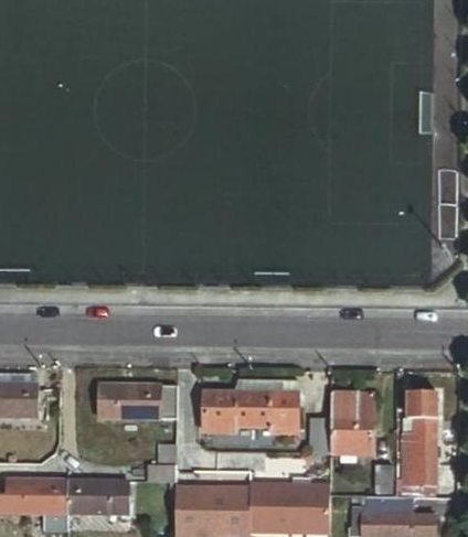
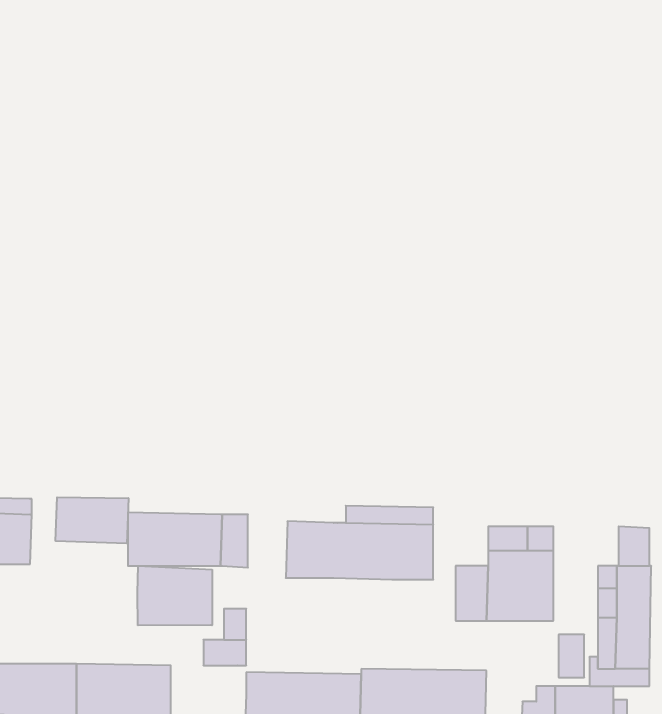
building: none -> [56,497,128,543]
building: none -> [137,566,212,625]

